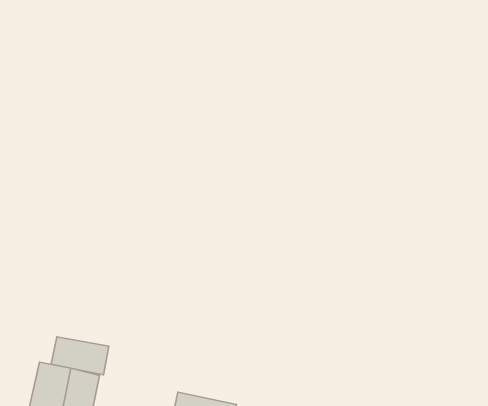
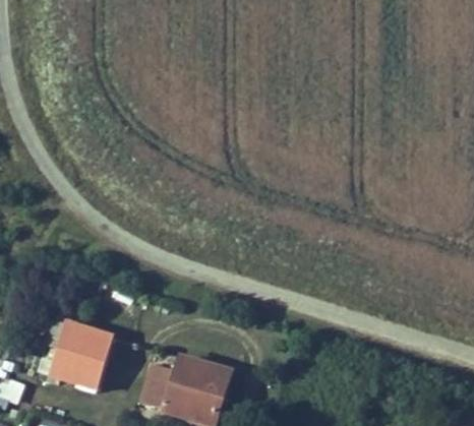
building: [51,337,109,375] -> none

